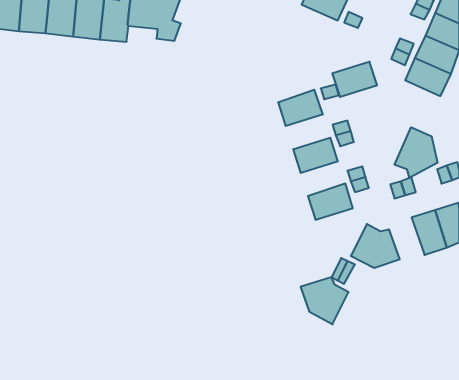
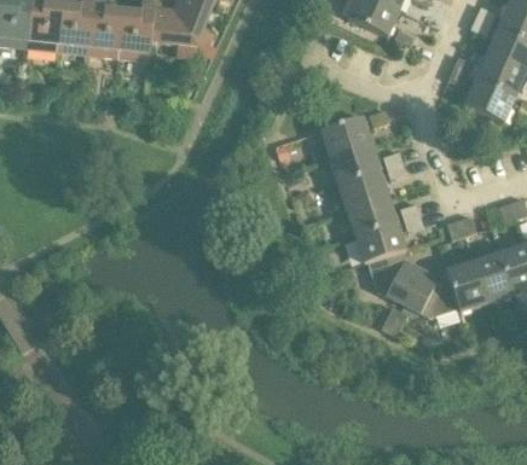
building: [332,62,377,97] -> [329,143,380,182]
building: [395,127,438,178] -> none
building: none -> [346,196,396,236]
building: none -> [445,260,486,310]
building: [301,277,349,324] -> [366,250,421,303]

